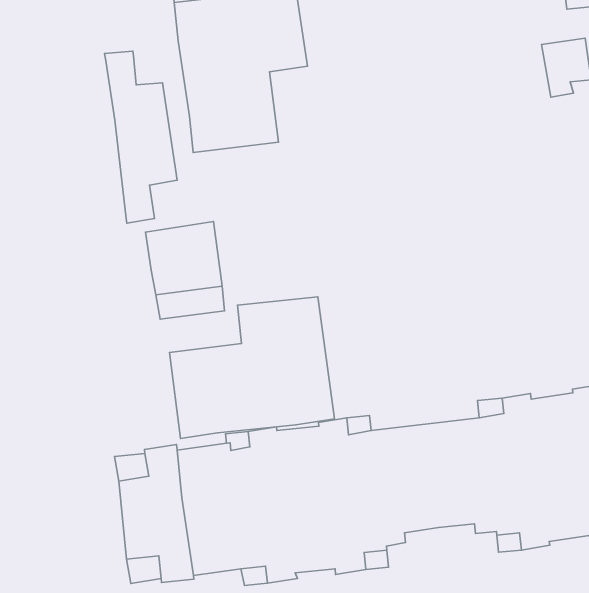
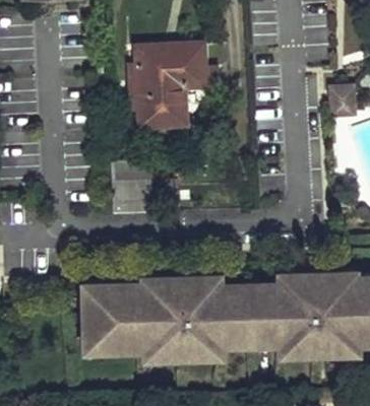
building: [105,51,177,223] -> none
building: [169,297,335,438] -> none

